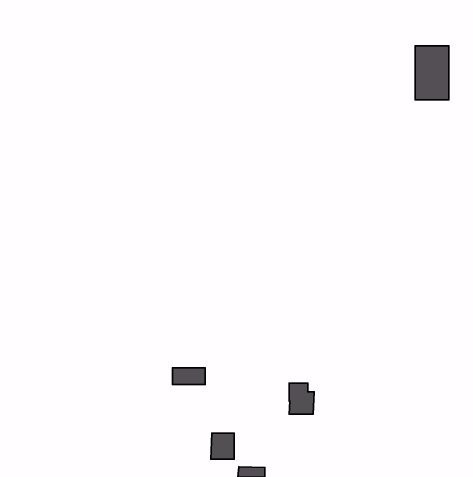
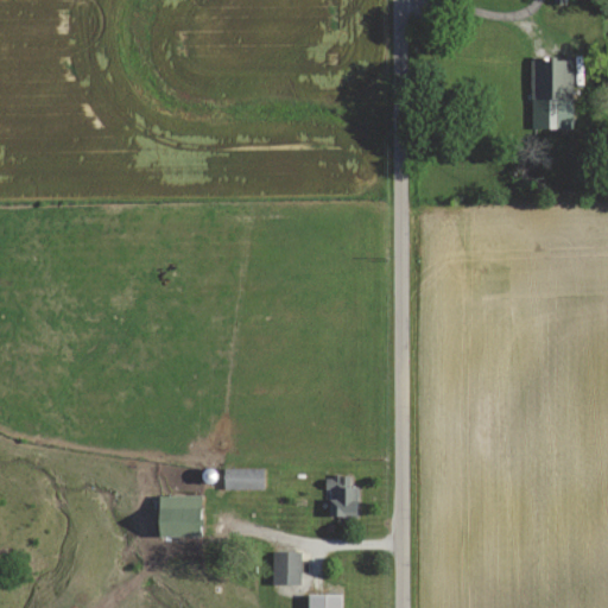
building: [289,383,314,414] -> [329,476,361,515]
building: none -> [156,494,201,537]

